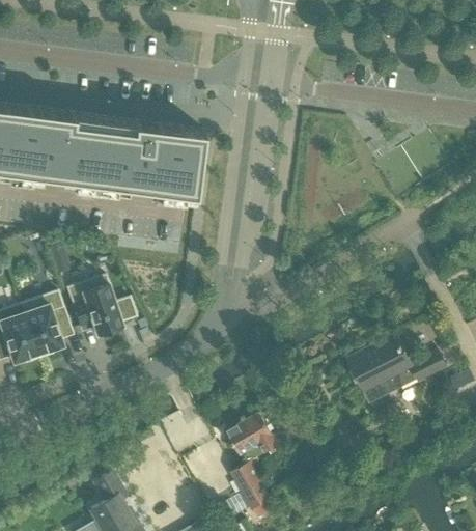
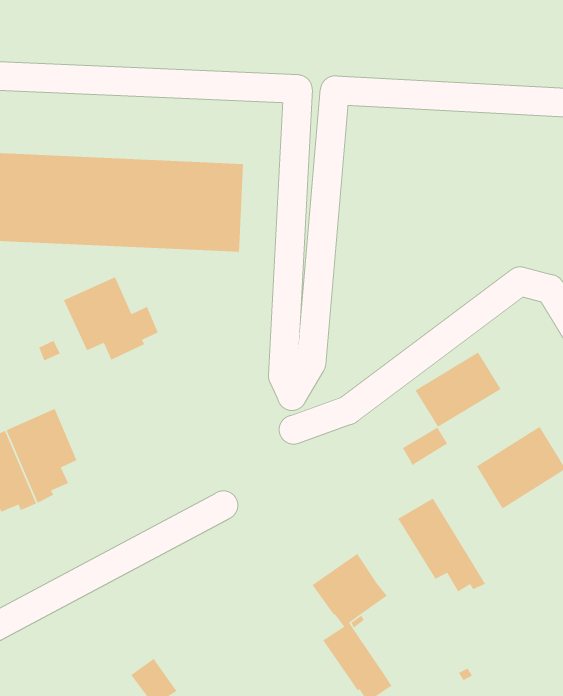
building: [66,280,132,339] -> [63,276,159,361]
building: none -> [402,351,502,467]
building: none -> [397,498,486,592]

